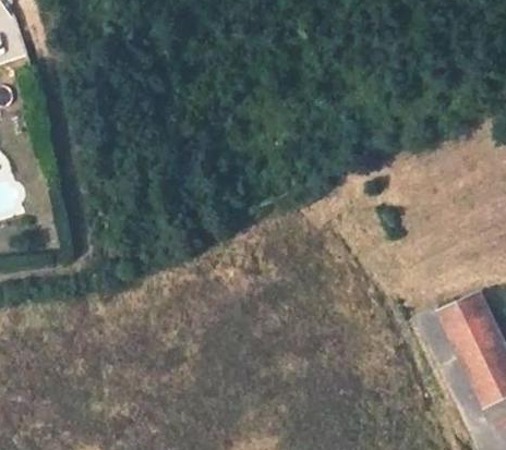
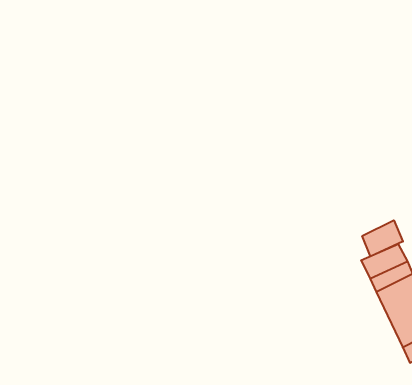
building: none -> [362,220,403,256]

